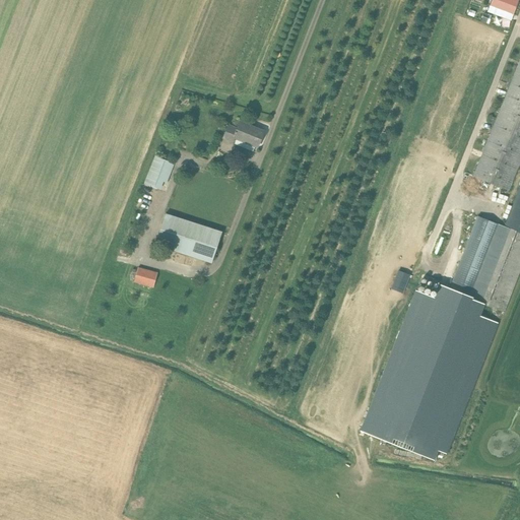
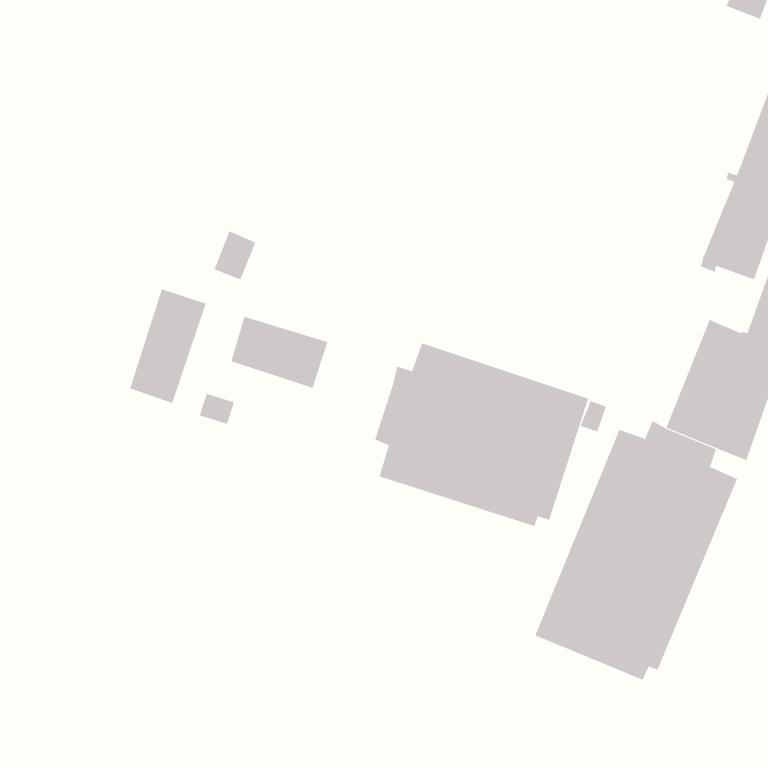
building: [224,121,264,146] -> none
building: none -> [129,289,207,404]
building: none -> [374,343,589,527]

